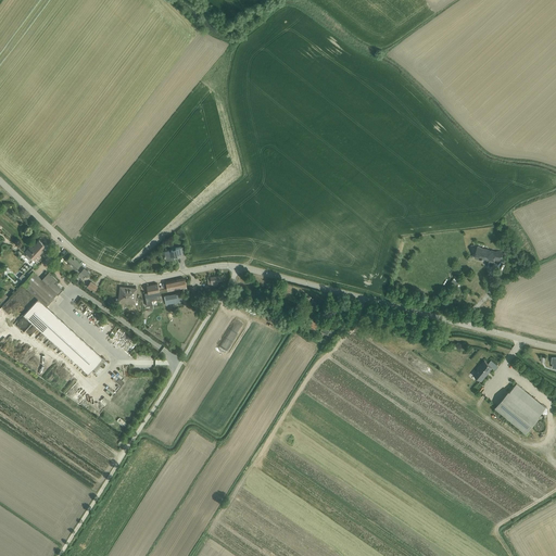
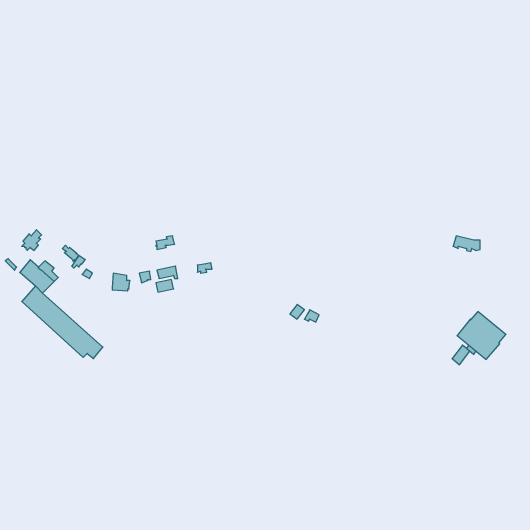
building: [494,384,545,434] -> [457,312,506,359]

